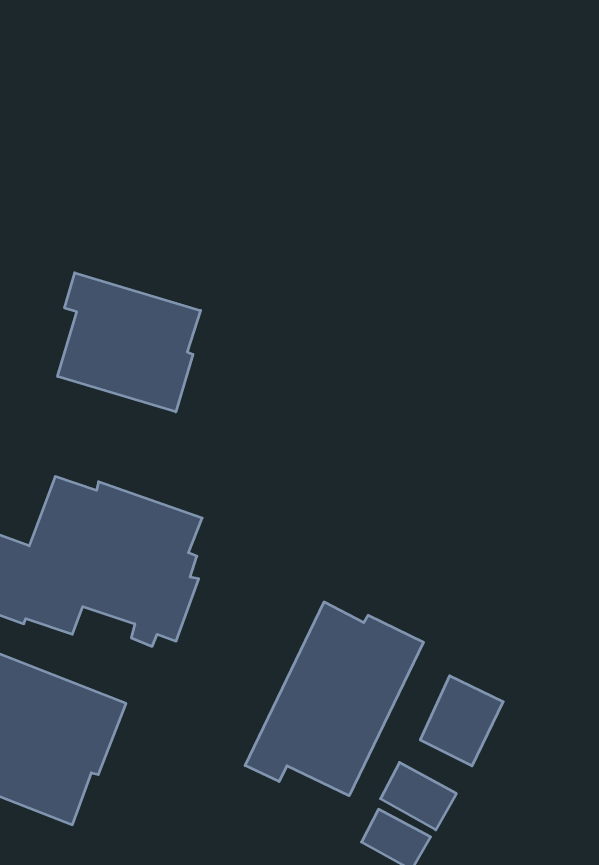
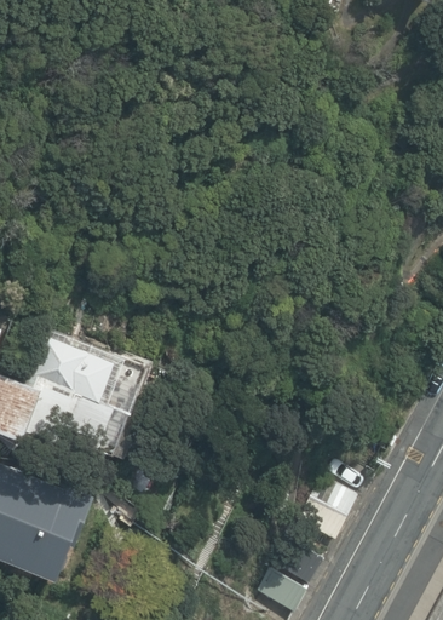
building: [58,273,201,412] -> none
building: [245,602,423,796] -> none

